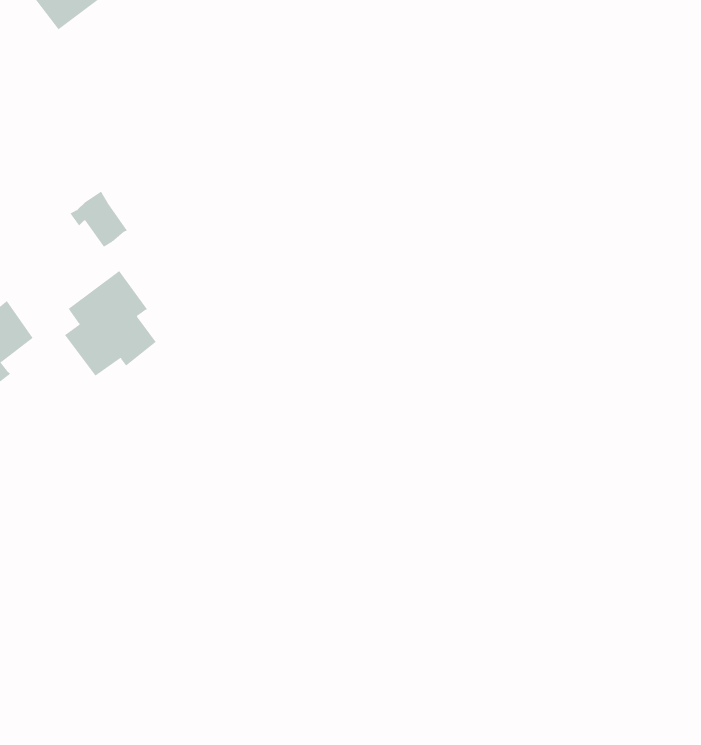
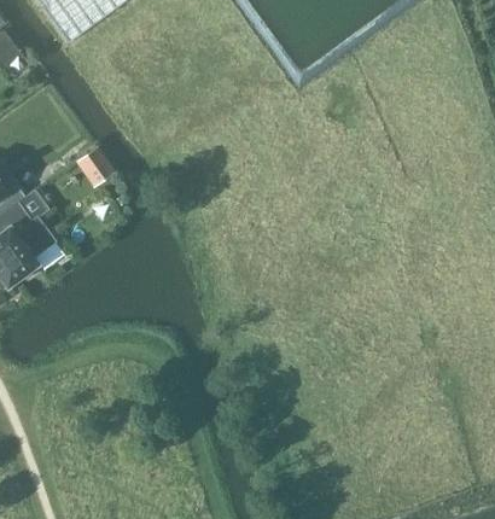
building: [64,270,156,376] -> none

